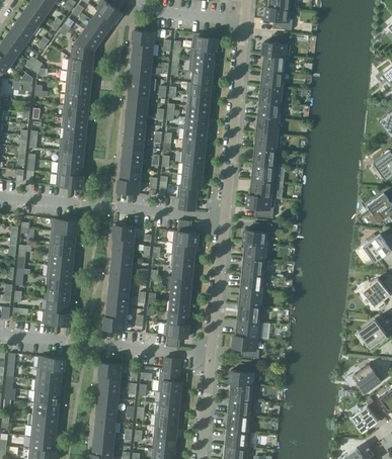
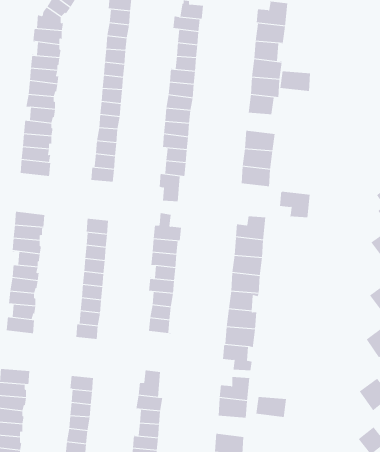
building: [253,132,281,151] -> [280,71,311,92]
building: [247,194,275,217] -> [279,191,311,218]
building: [163,323,188,347] -> none
building: [227,397,254,416] -> [256,397,287,417]

